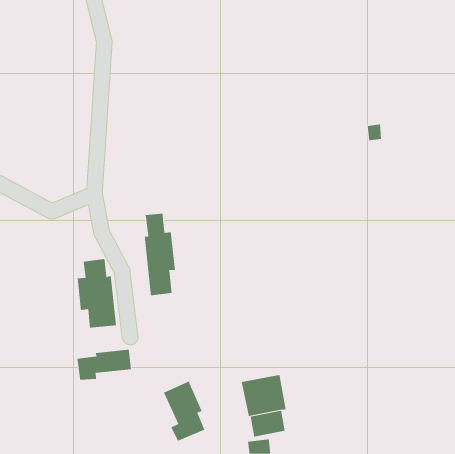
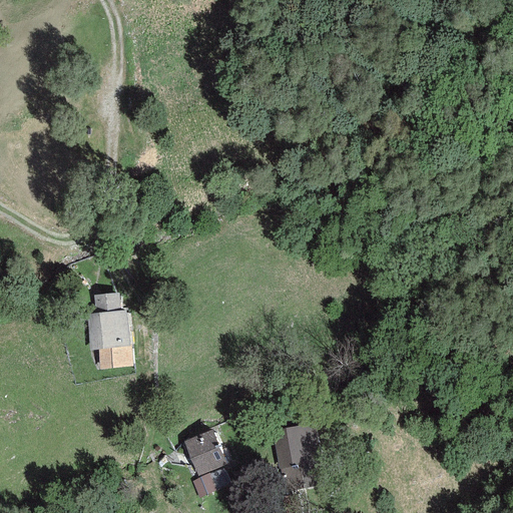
building: [144,213,175,296] -> none
building: [77,349,131,381] -> none

